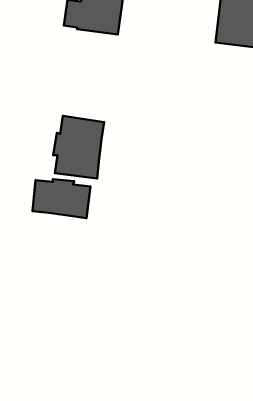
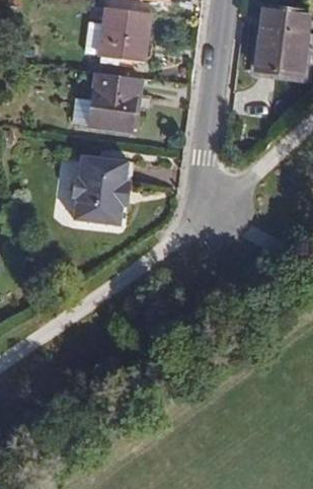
building: none -> [74,72,143,132]
building: [33,179,91,218] -> none

